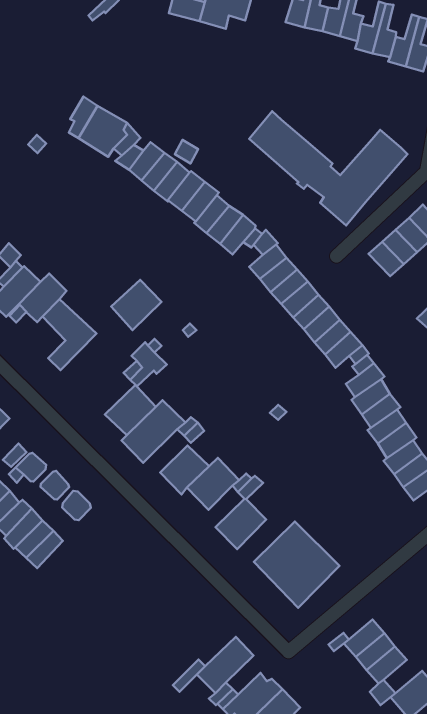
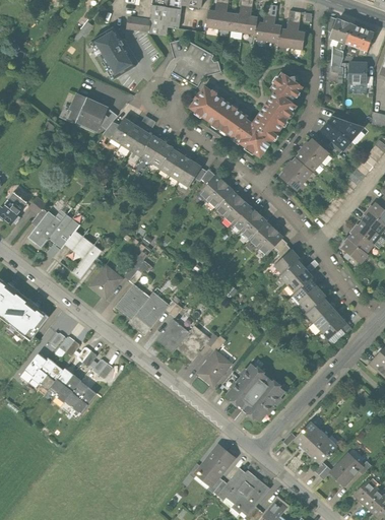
building: none -> [91,27,136,78]
building: none -> [272,73,304,102]
building: [111,280,162,330] -> [89,264,123,299]

